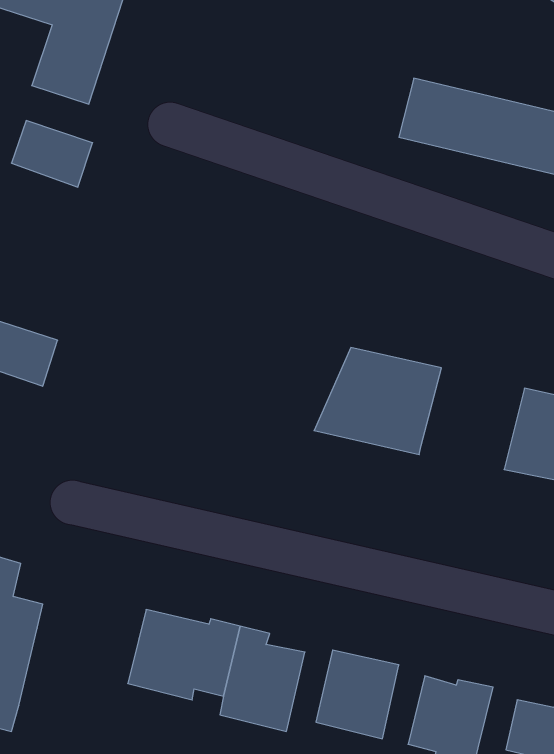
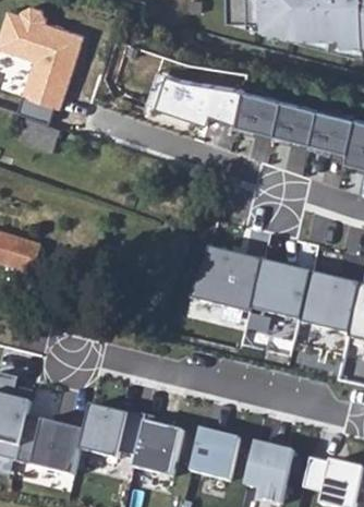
building: none -> [143,71,230,123]
building: none -> [252,262,313,322]
building: none -> [14,415,85,475]

